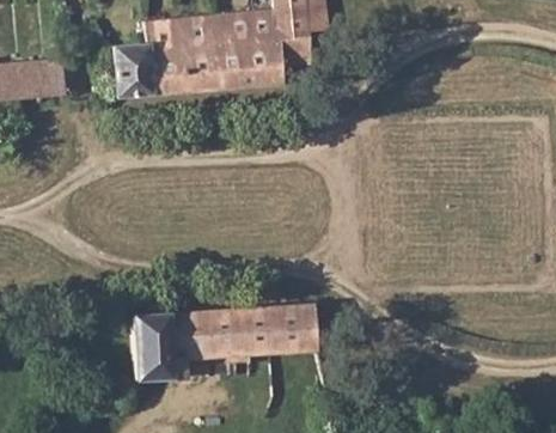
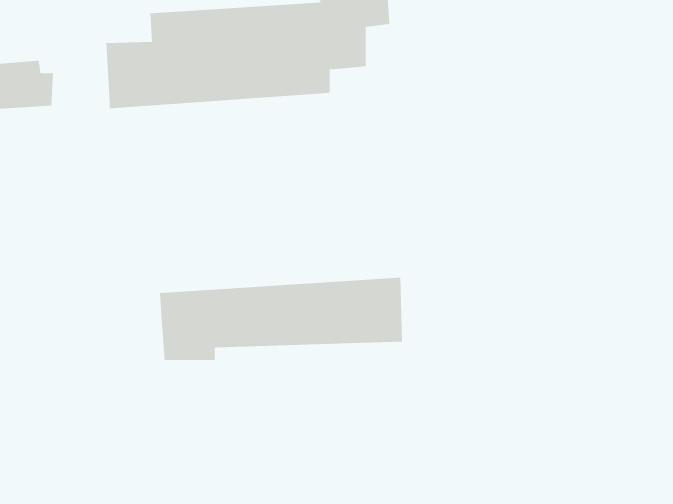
building: [129,304,314,367] -> [159,277,403,361]

